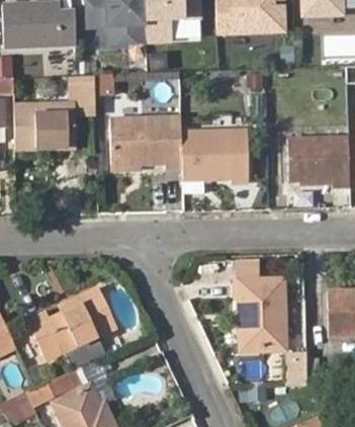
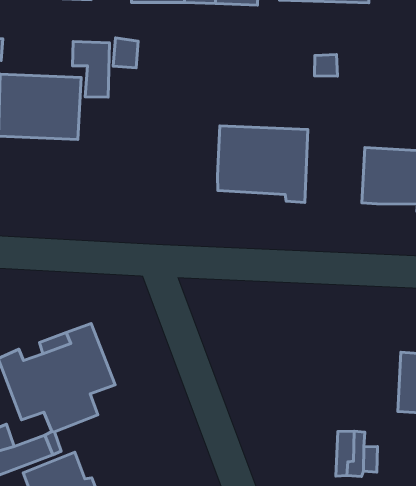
building: [110,117,181,169] -> none
building: [232,279,283,351] -> none

